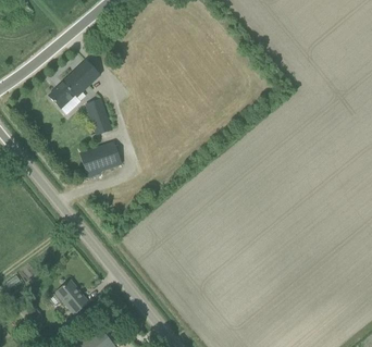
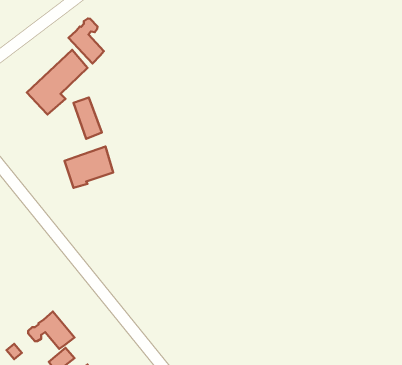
building: none -> [68,18,104,64]

